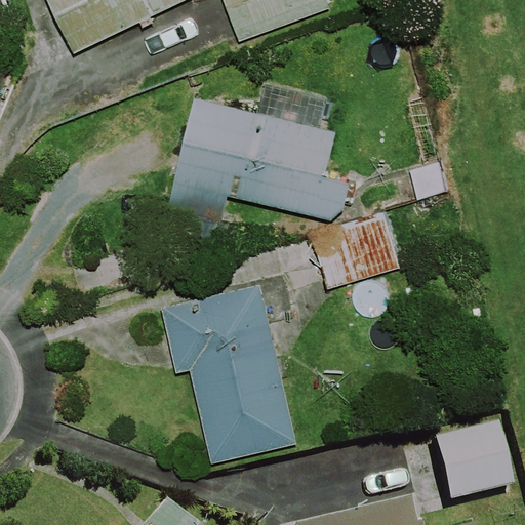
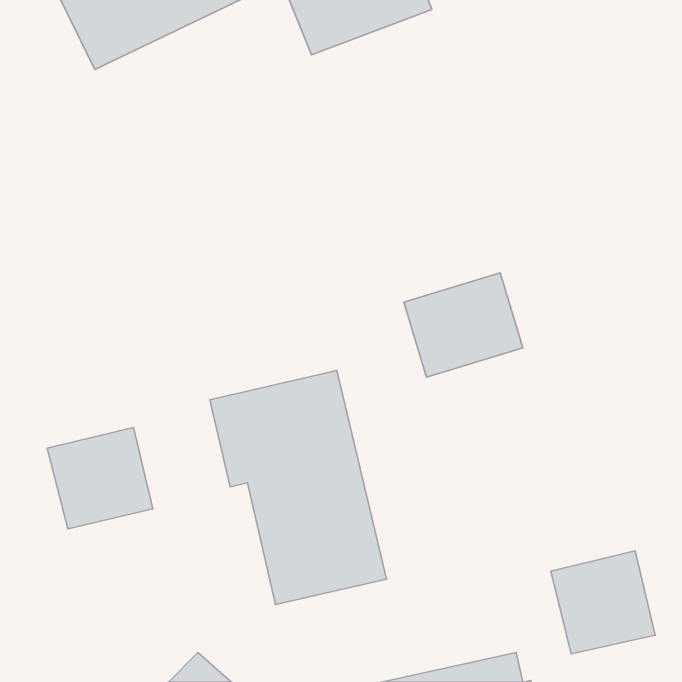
building: [169,83,350,220] -> none
building: none -> [47,428,153,529]

